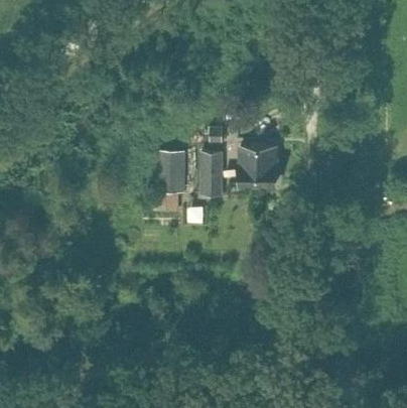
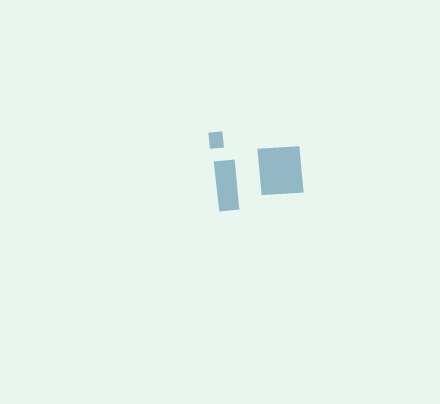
building: [155,153,184,191] -> none

